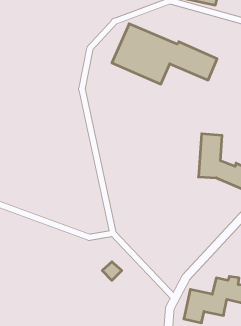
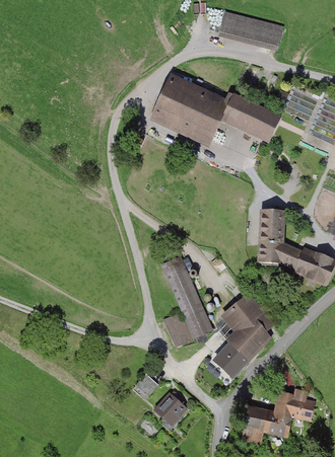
building: none -> [162,260,212,347]
building: none -> [214,294,273,376]
building: none -> [152,391,188,426]

